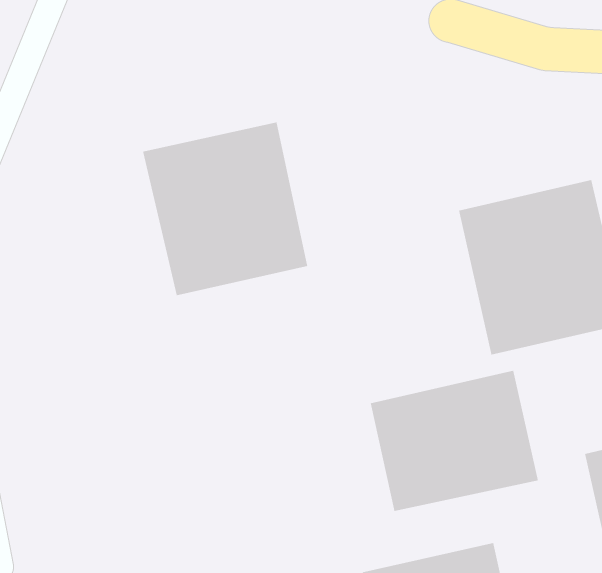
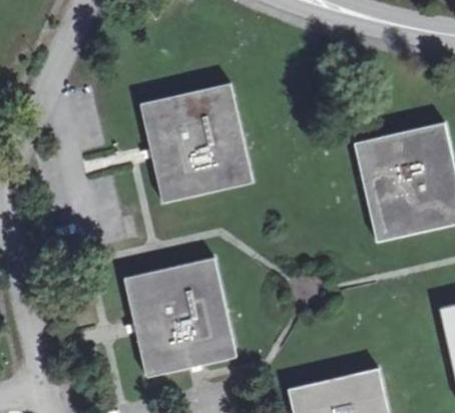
building: [370,370,539,512] -> none
building: none -> [122,257,236,376]

